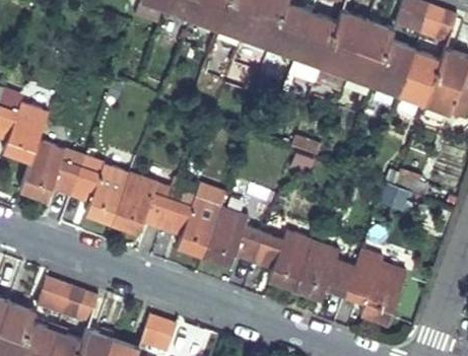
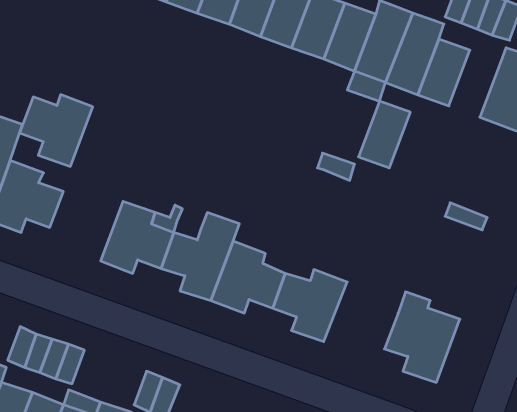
building: [397,51,440,105] -> [358,101,410,168]
building: [70,164,130,223] -> [20,95,93,166]
building: [294,240,355,299] -> none

